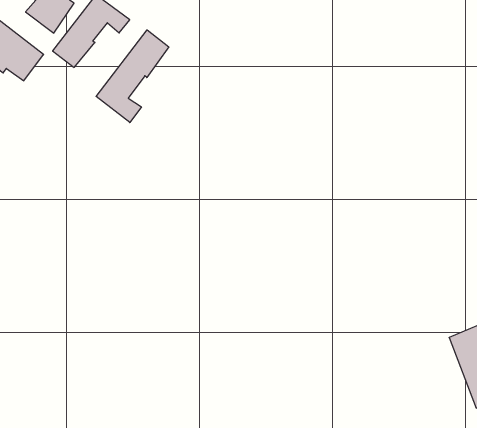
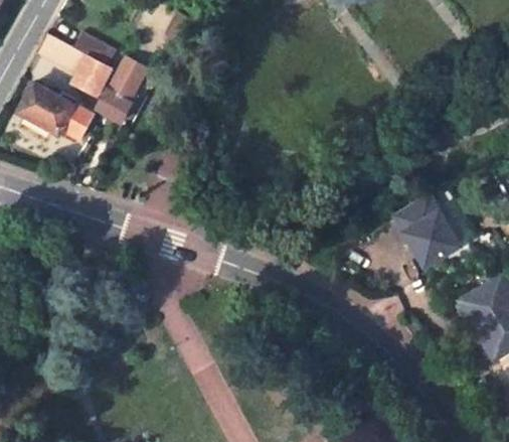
building: [96,30,169,123] -> none
building: none -> [392,194,460,268]

